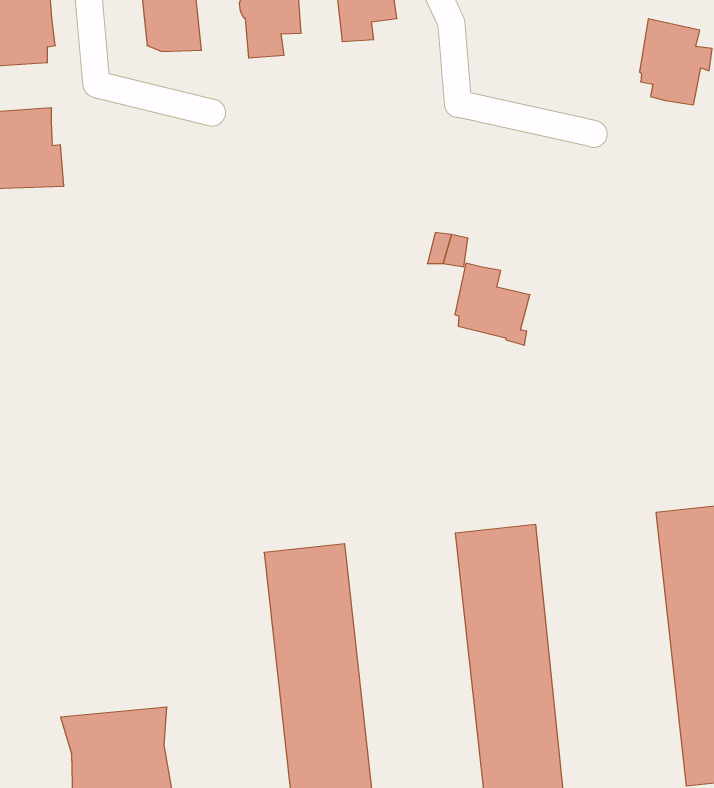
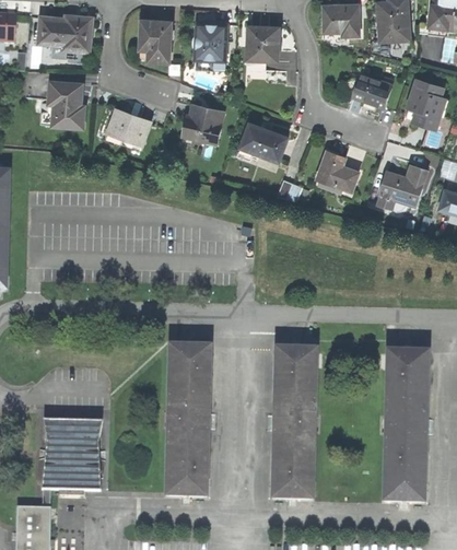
building: none -> [352,72,392,108]
building: none -> [184,104,224,142]
building: none -> [237,121,289,161]
building: none -> [106,109,150,145]
building: none -> [377,165,426,209]
building: [455,263,530,345] -> [317,150,360,199]

